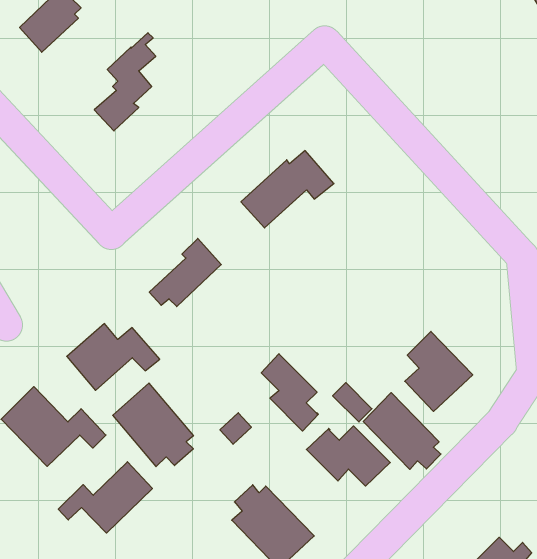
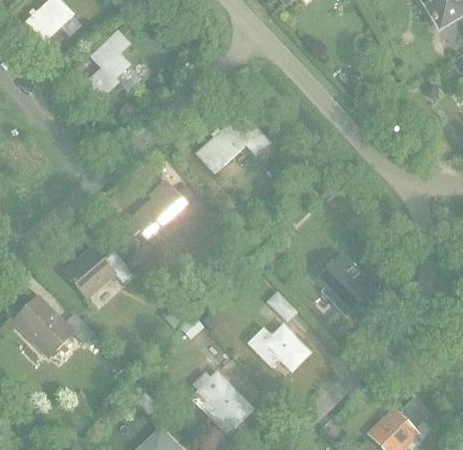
building: [261,354,318,431] -> none
building: [113,383,193,467] -> none
building: [363,393,441,469] -> none
building: [58,462,152,533] -> none

